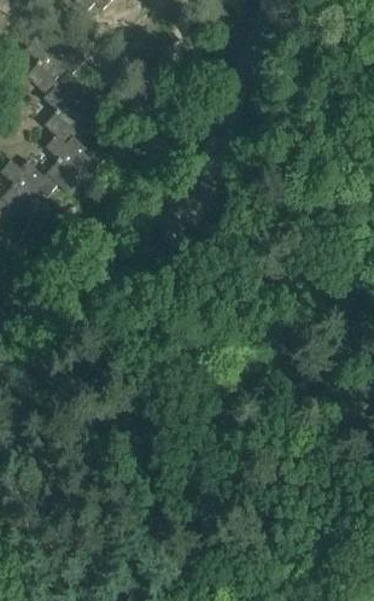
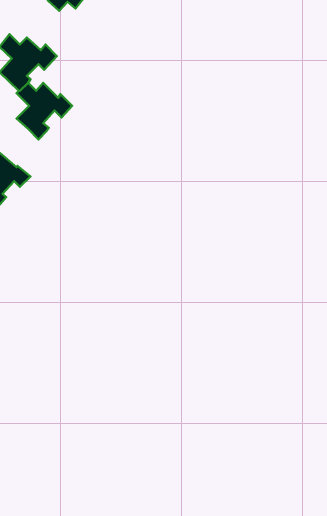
building: [45,136,104,194] -> none

